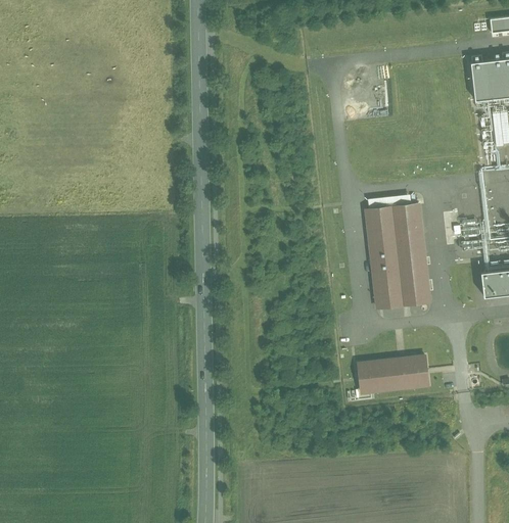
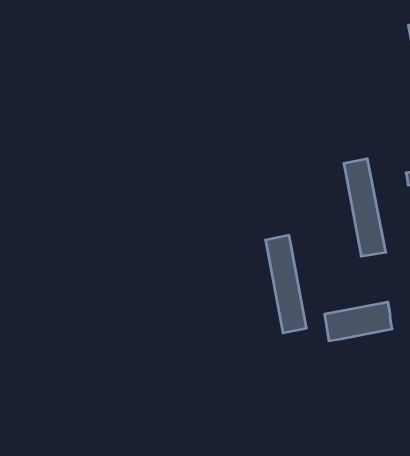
building: [366,205,402,308] -> [265,235,307,333]

